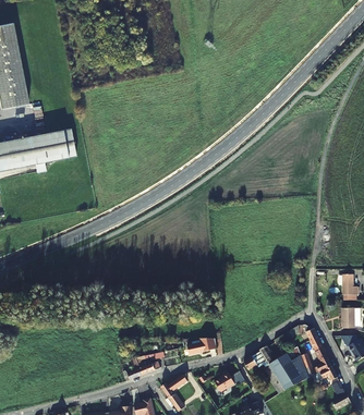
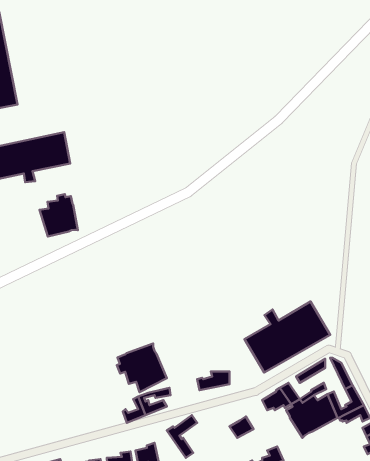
building: none -> [40,194,78,237]
building: none -> [245,301,330,372]
building: none -> [117,344,167,392]

